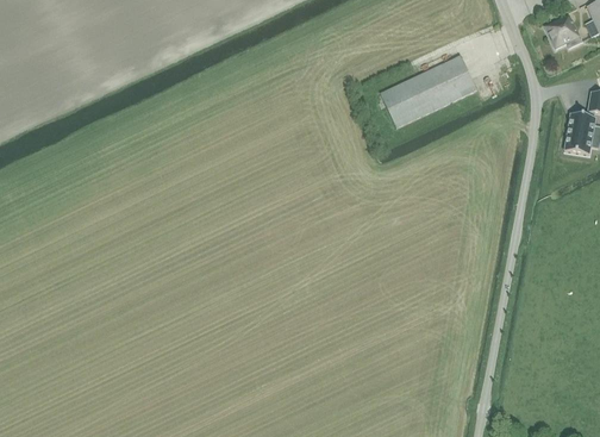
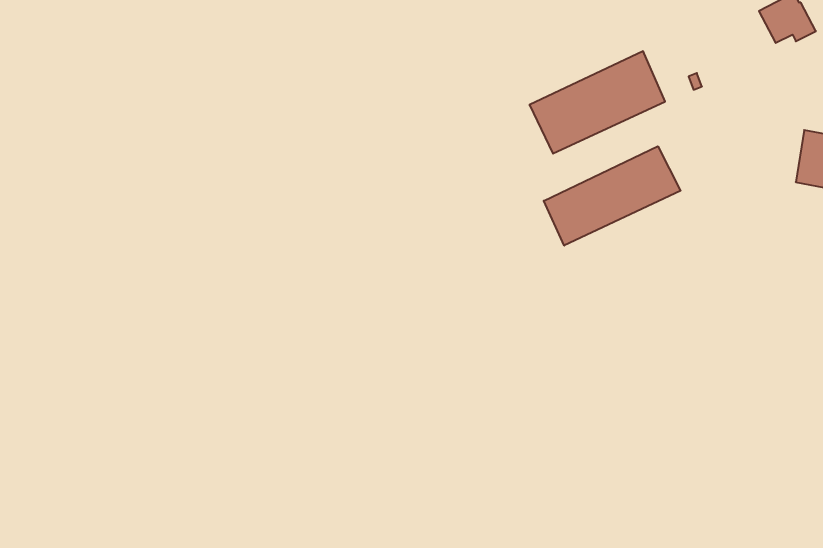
building: none -> [544,146,681,246]

